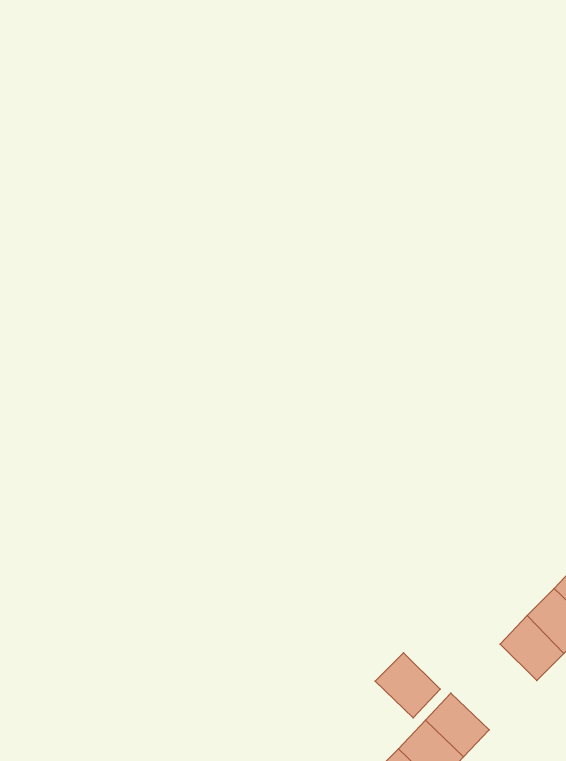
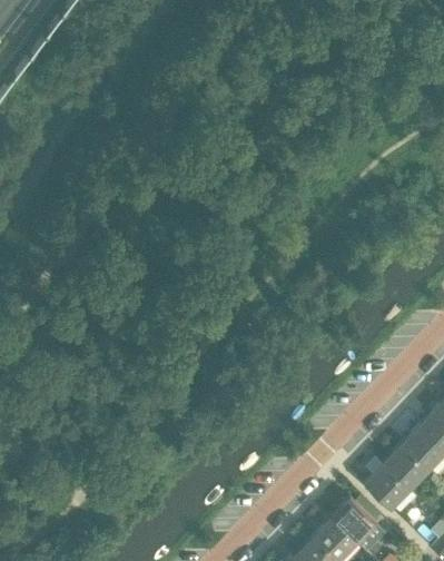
building: [375,653,440,718] -> [363,464,408,510]

